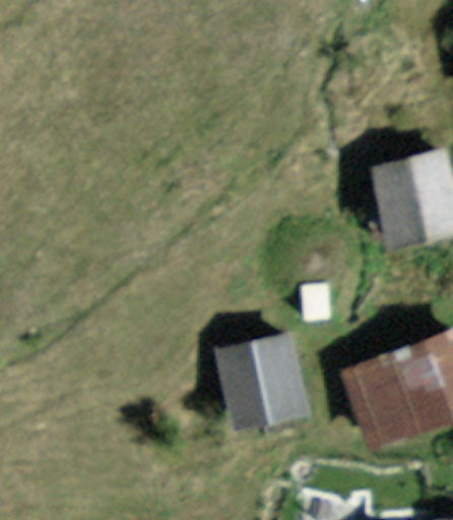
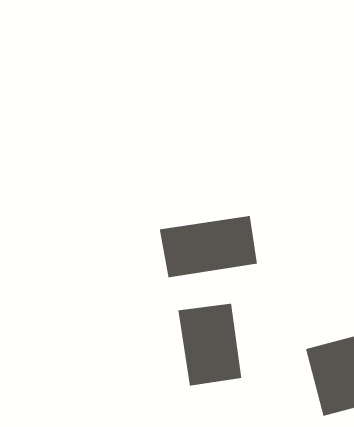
building: none -> [159,215,257,278]

